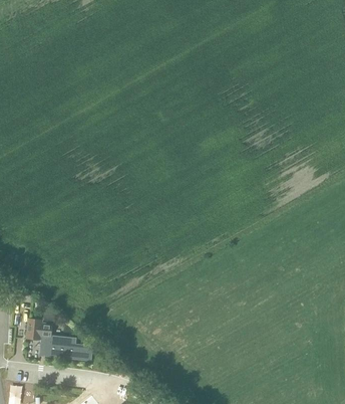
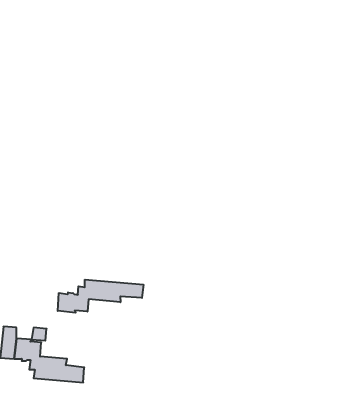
building: none -> [58,280,143,313]

